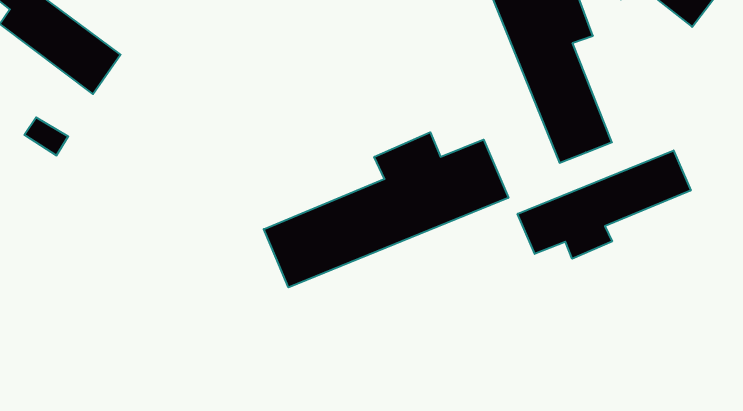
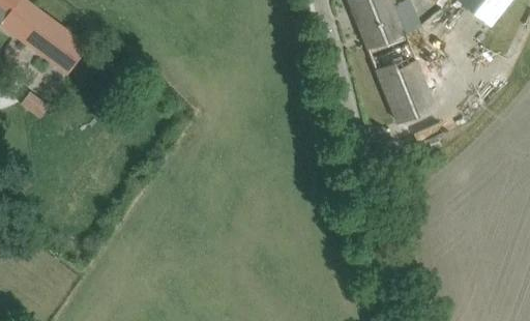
building: [264,132,508,287] -> none
building: [518,150,691,259] -> none

